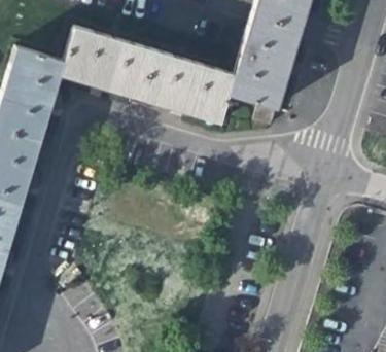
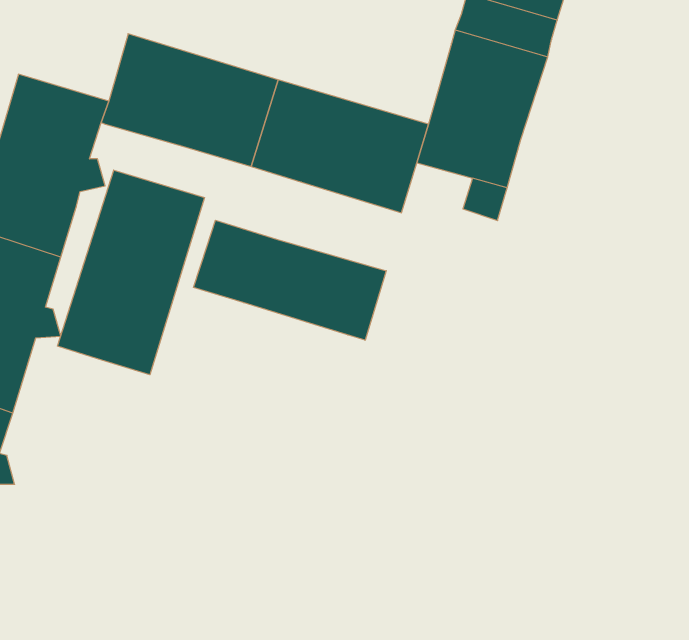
building: none -> [58,170,204,375]
building: none -> [193,220,386,340]

